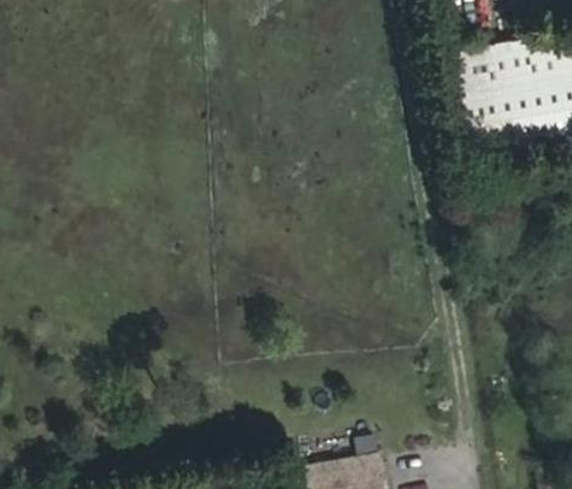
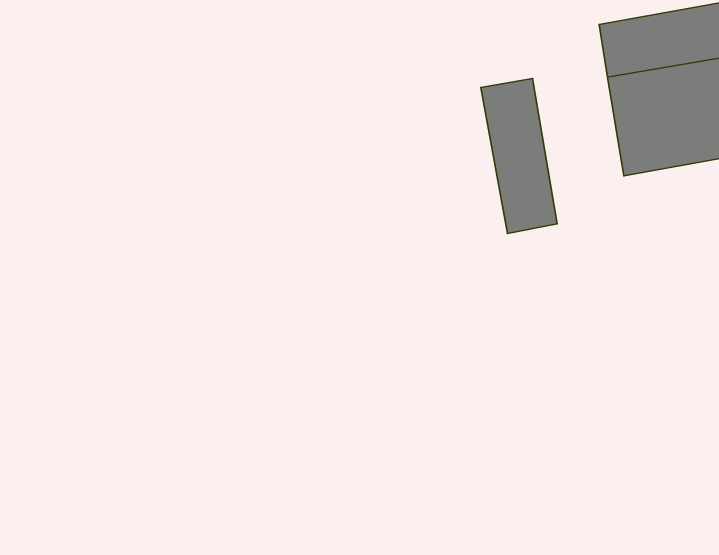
building: none -> [481,79,557,233]

